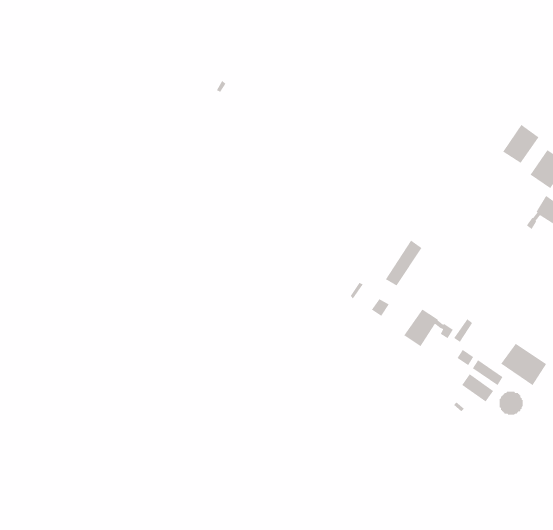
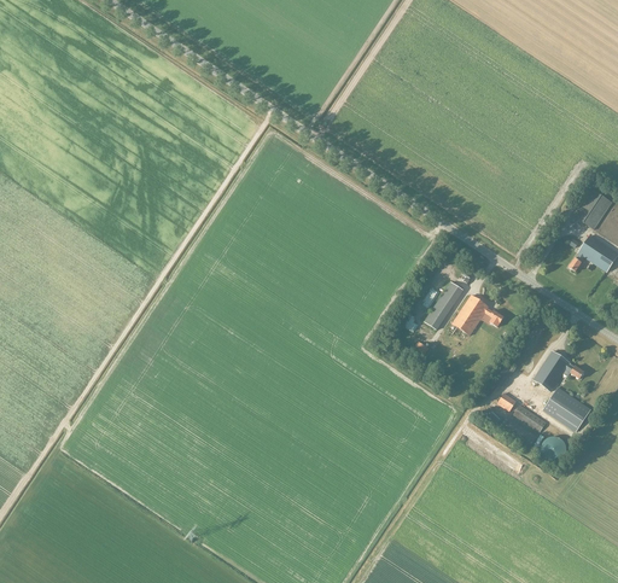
building: [502,124,540,164] -> none
building: none -> [532,350,583,390]
building: [403,309,454,347] -> [451,295,503,334]

